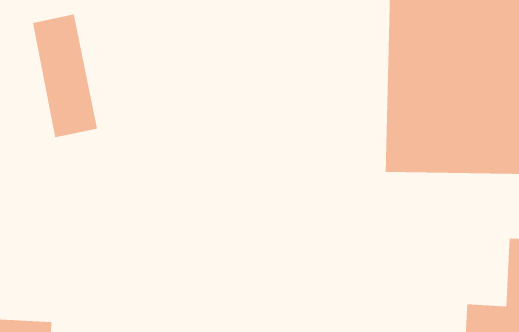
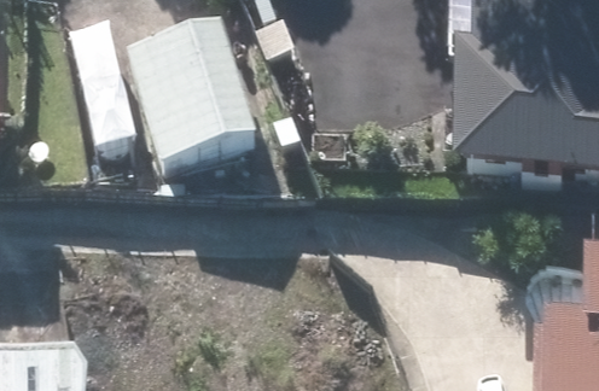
building: none -> [126,24,272,177]

